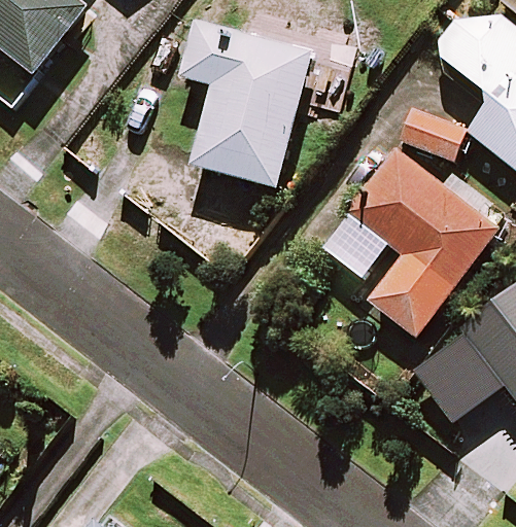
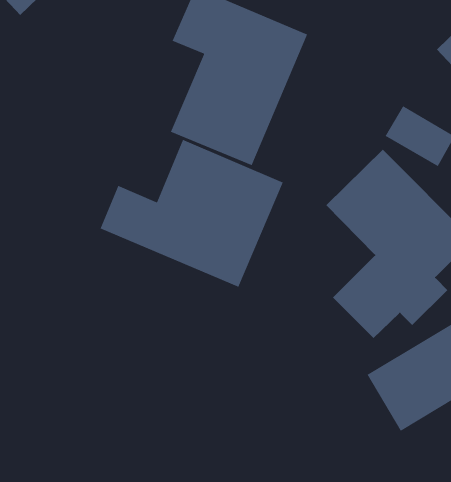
building: none -> [100,139,284,288]

